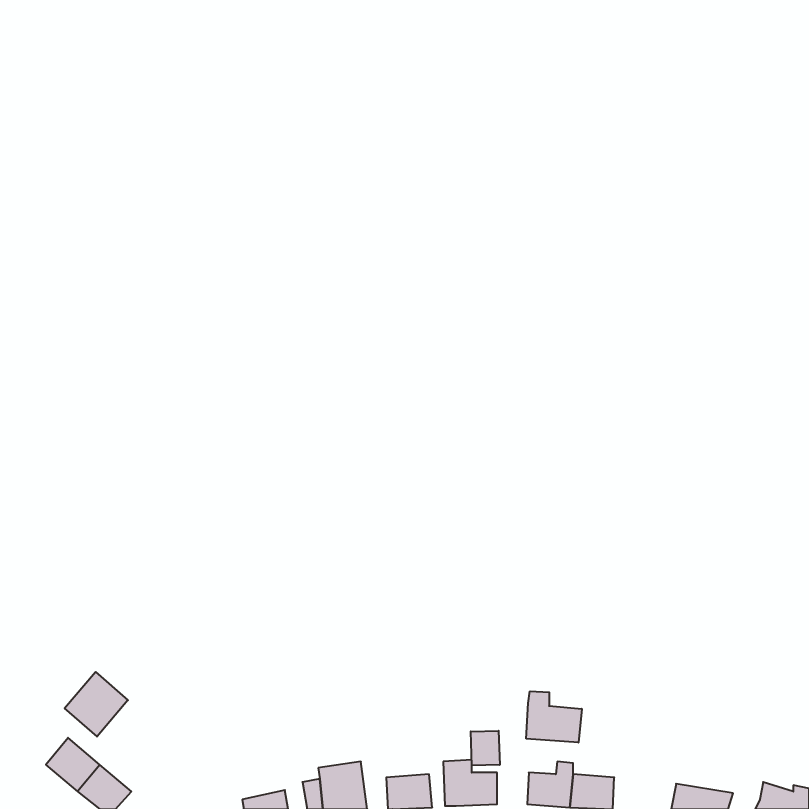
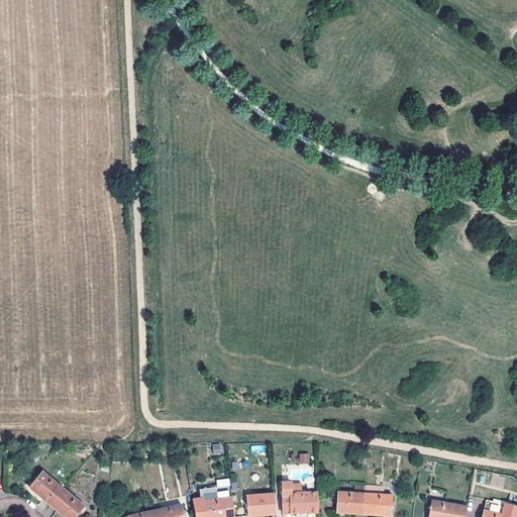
building: [65,672,128,737] -> none
building: [526,691,582,743] -> none
building: [471,731,500,766] -> none

